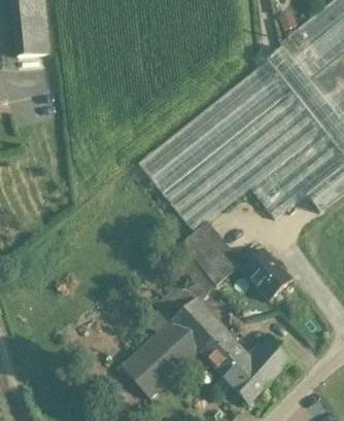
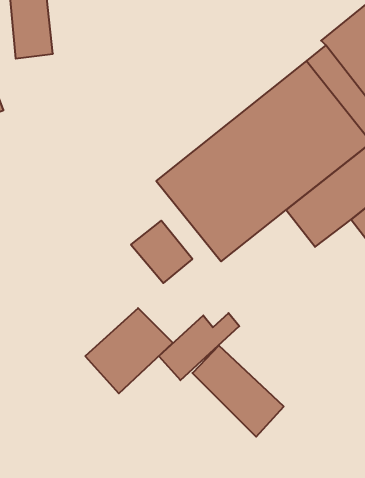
building: [188,231,241,284] -> [131,221,192,283]
building: [241,249,291,301] -> none
building: [124,326,199,399] -> [85,308,173,393]
building: [223,334,293,405] -> none

